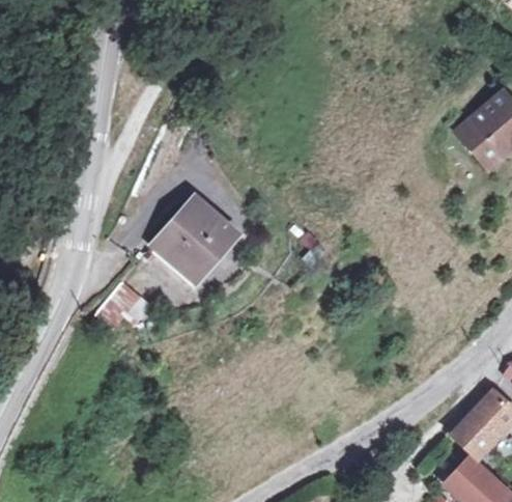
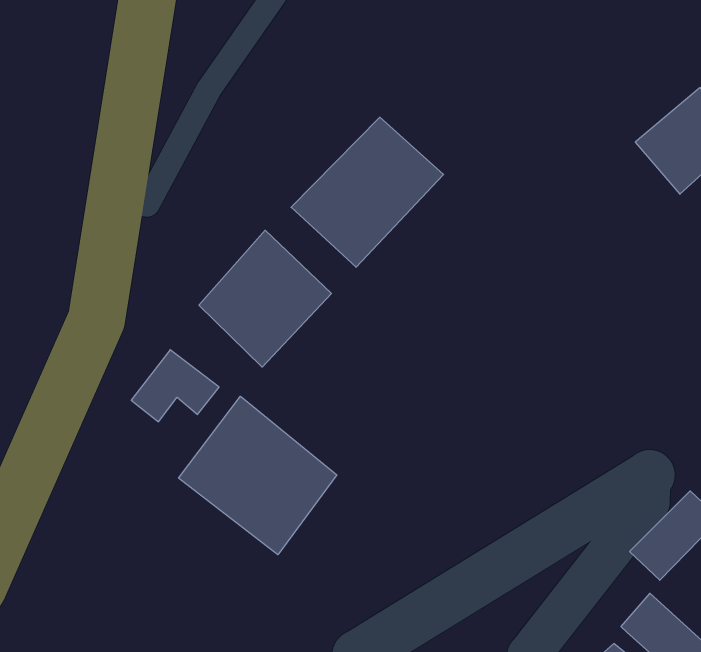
building: none -> [291,117,444,267]
building: none -> [179,396,337,555]

